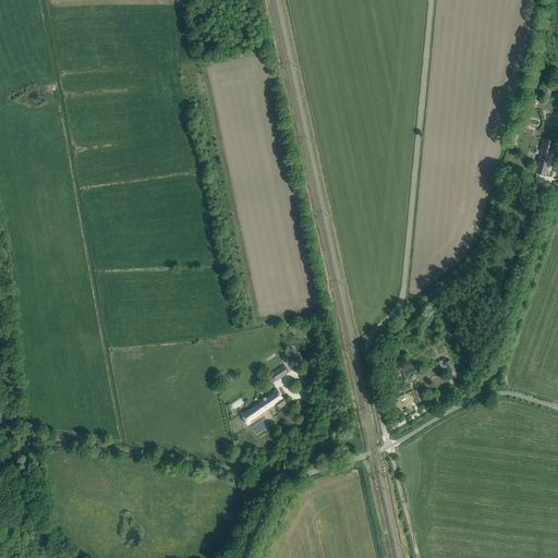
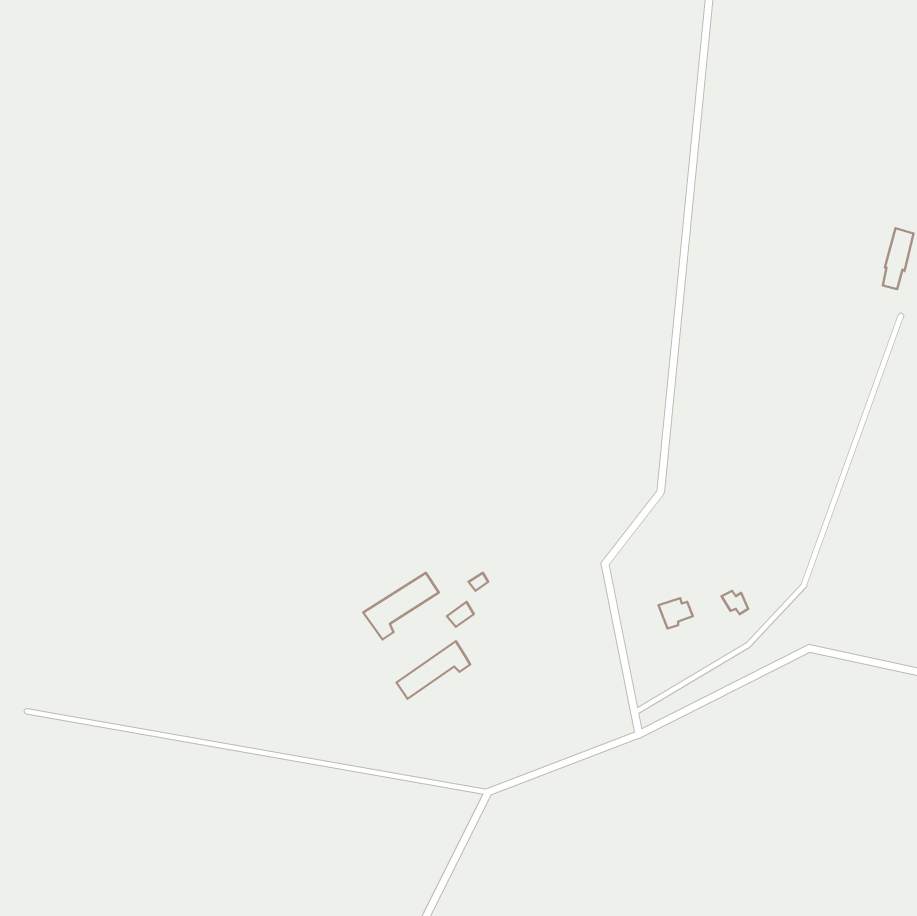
building: none -> [363,573,439,639]

